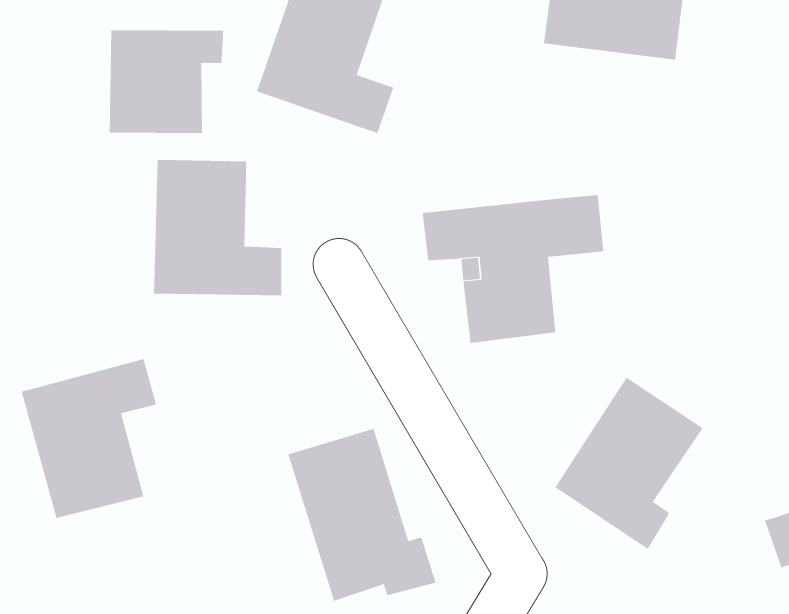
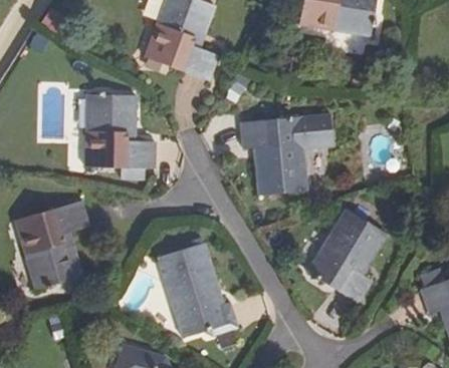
building: [109,29,224,134] -> none

